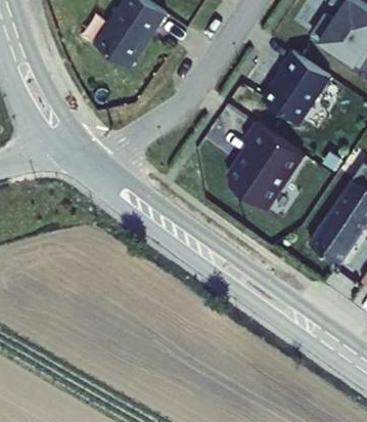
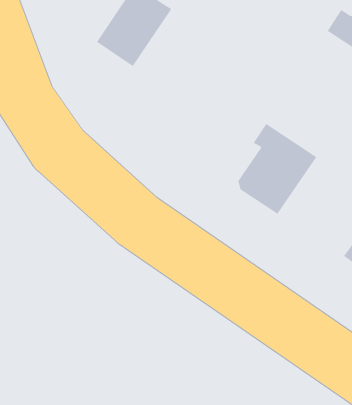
building: [261,49,328,121] -> none

